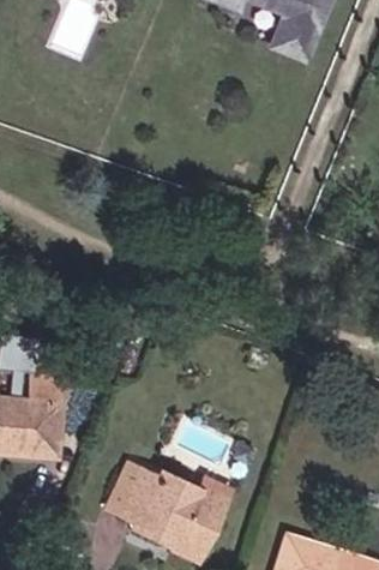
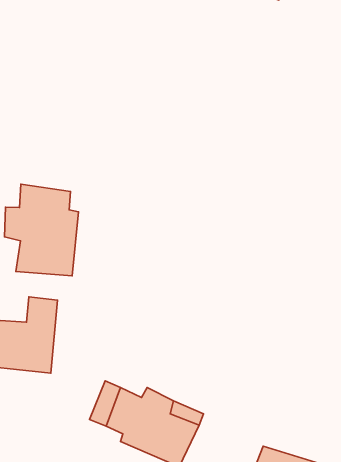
building: none -> [4,184,79,276]

